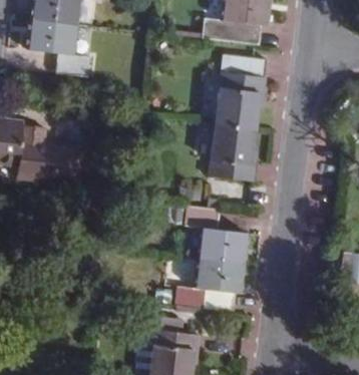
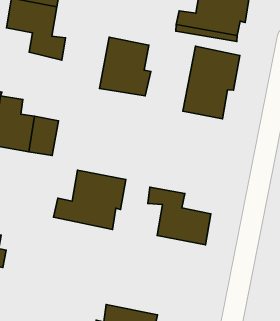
building: [207,125,258,182] -> [100,37,151,96]
building: [174,255,246,313] -> [53,170,126,229]

